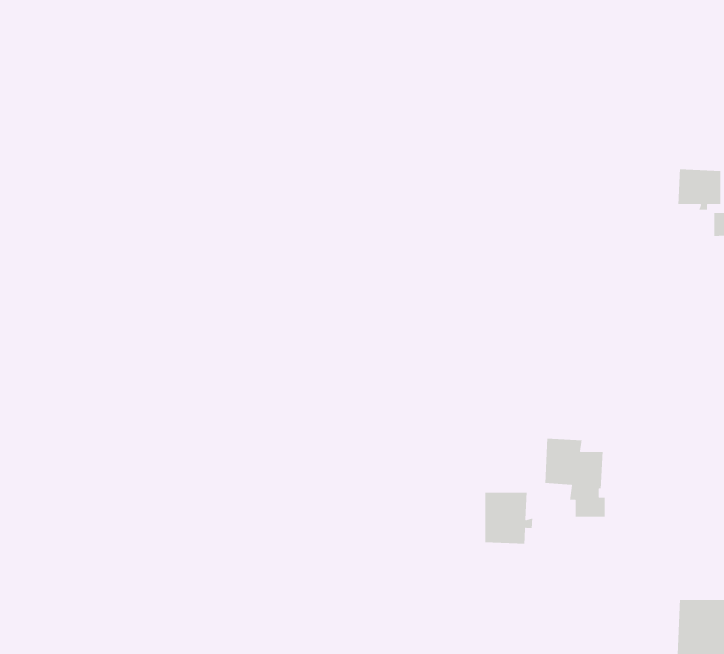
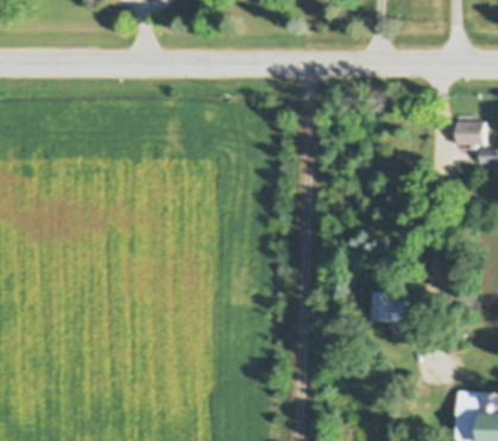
building: [485,492,533,545] -> none

